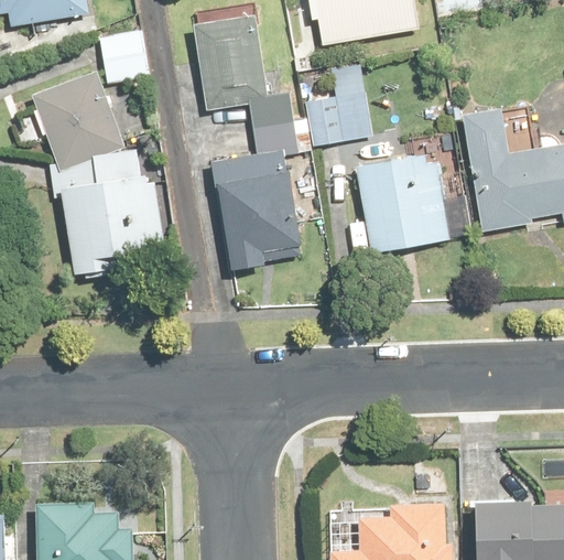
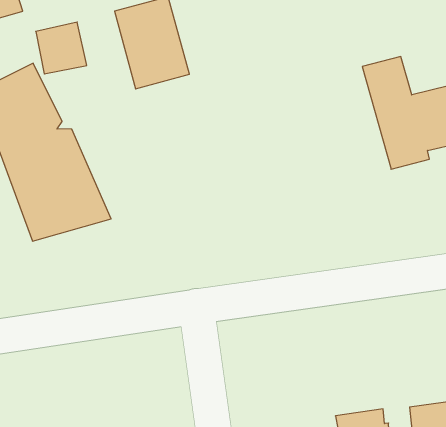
building: [310,71,376,151] -> none
building: [212,123,303,273] -> none
building: [358,161,447,248] -> none

